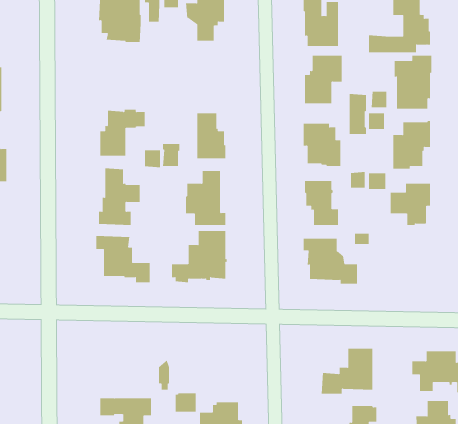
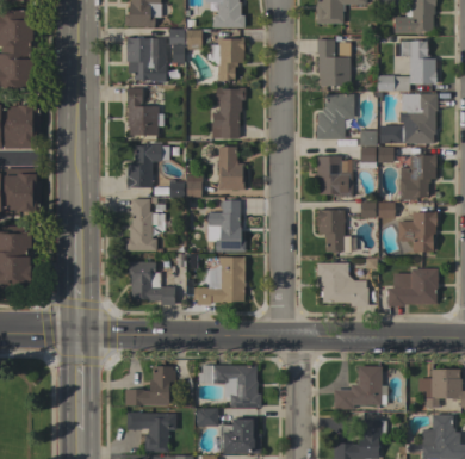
building: none -> [126,88,162,136]
building: none -> [209,88,244,139]
building: none -> [388,269,438,308]
building: none -> [198,366,261,408]
building: none -> [124,367,175,407]

